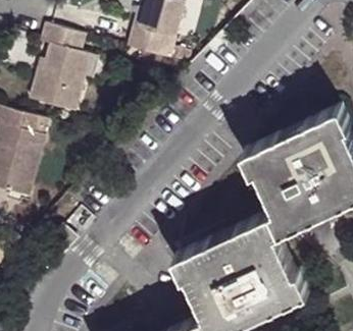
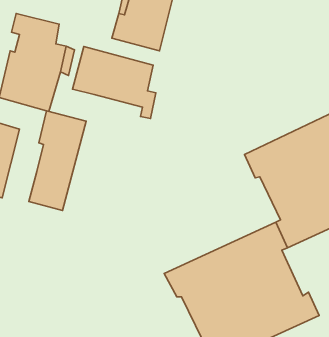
building: none -> [73,47,156,118]
building: none -> [29,111,86,211]

